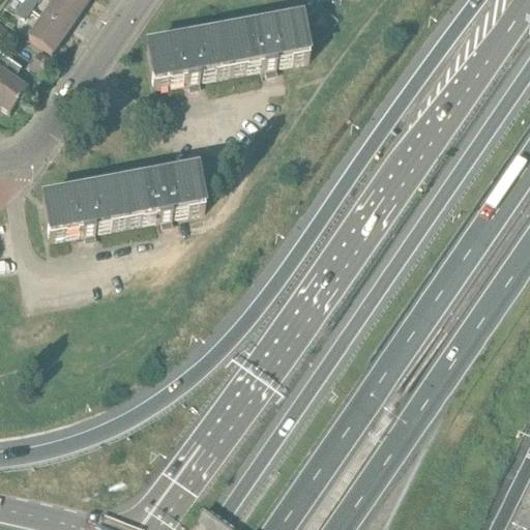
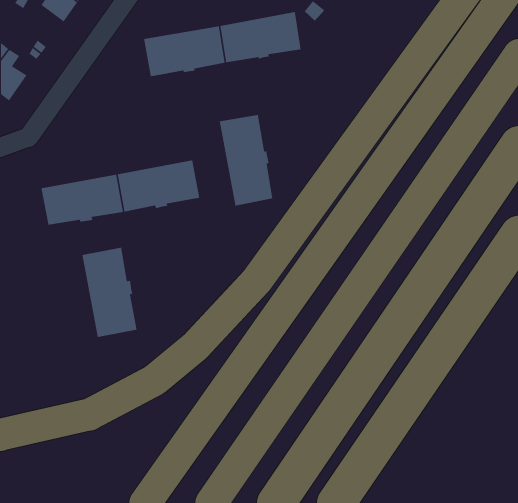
building: [28,5,66,43] -> none
building: none -> [219,114,273,206]
building: none -> [81,247,137,338]

